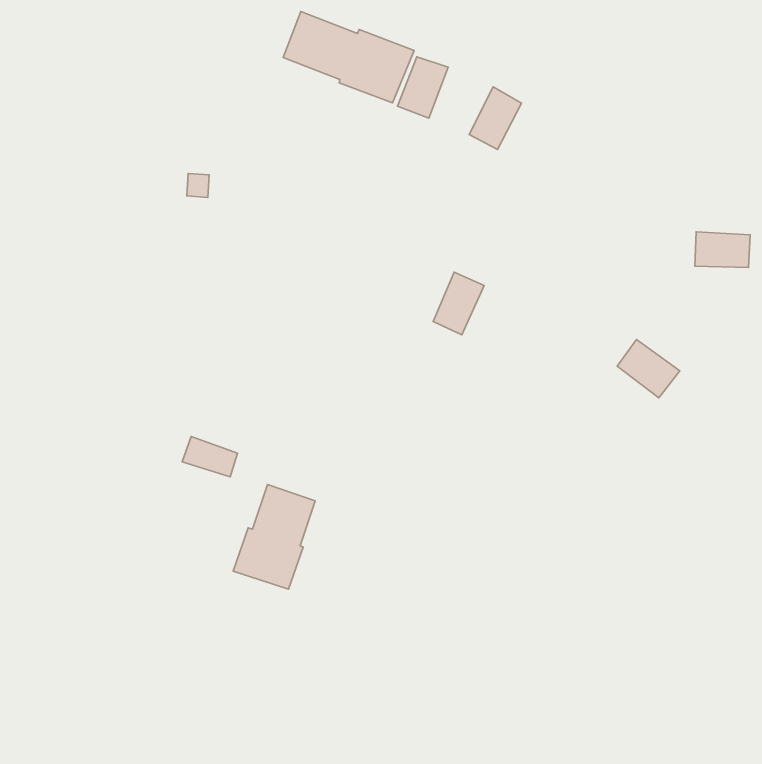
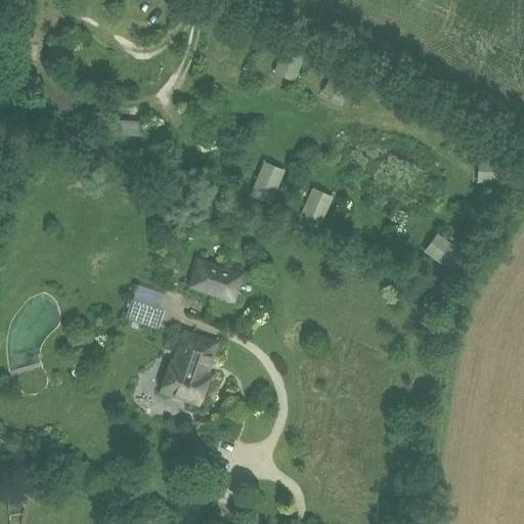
building: [283,12,414,103] -> none
building: none -> [250,161,285,203]
building: none -> [190,259,243,300]

